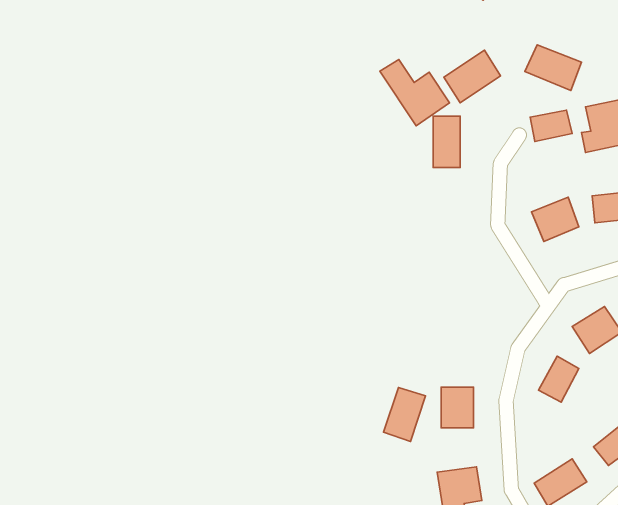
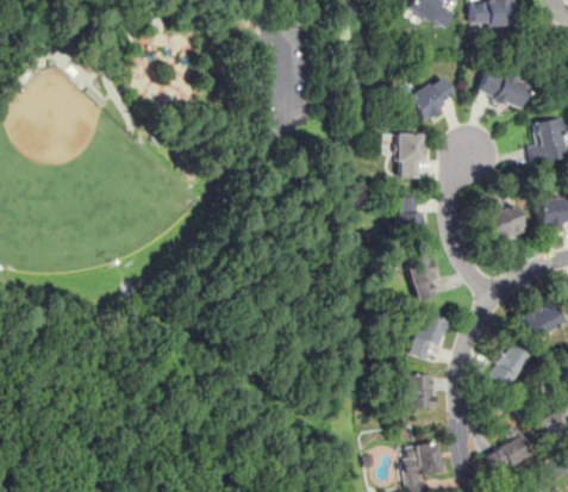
building: [380,59,449,126] -> none
building: [530,110,572,142] -> none
building: none -> [400,197,423,235]
building: none -> [408,253,441,299]
building: [384,388,425,442] -> [410,312,447,360]

